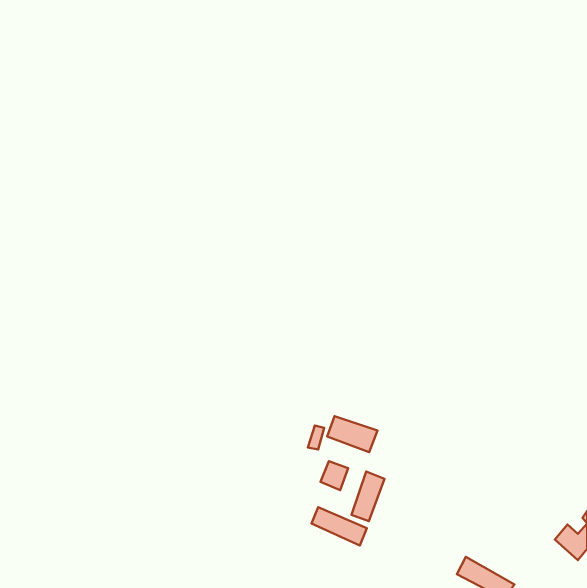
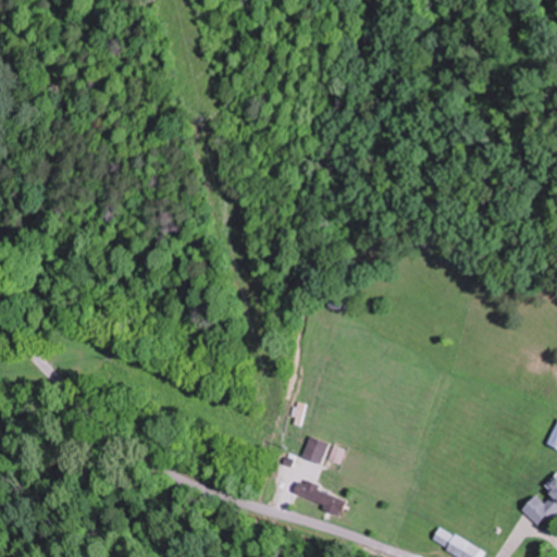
building: [327,416,378,452] -> none
building: [351,472,384,521] -> none

